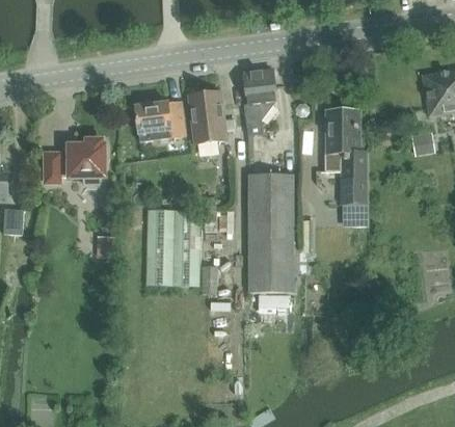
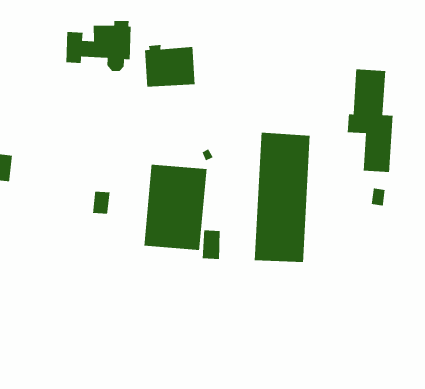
building: [243,66,275,136] -> none
building: [188,92,225,143] -> none
building: [46,138,106,186] -> [66,20,131,72]

